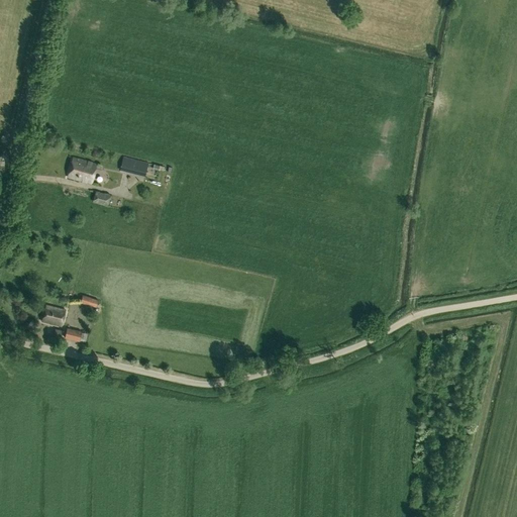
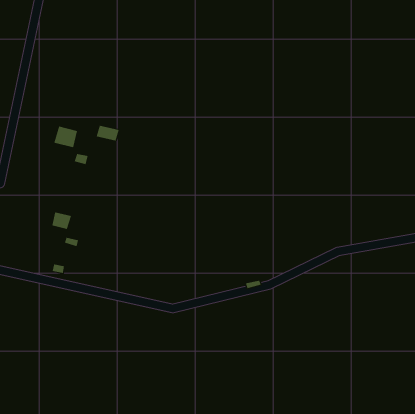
building: [41,304,67,326] -> [51,212,72,230]

